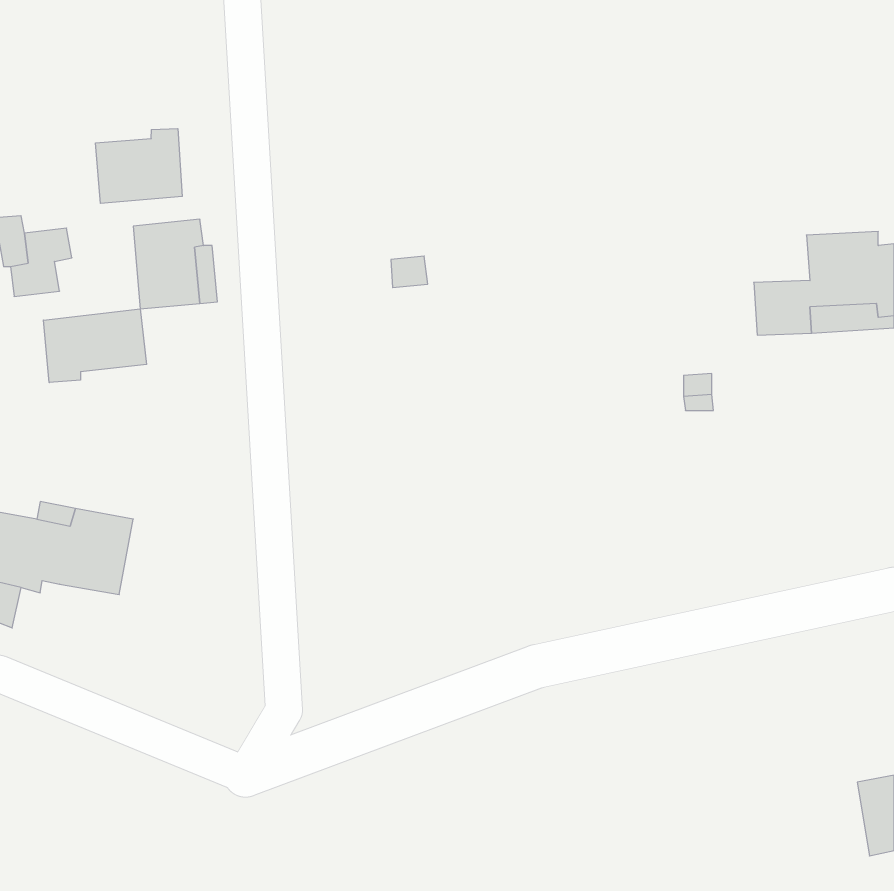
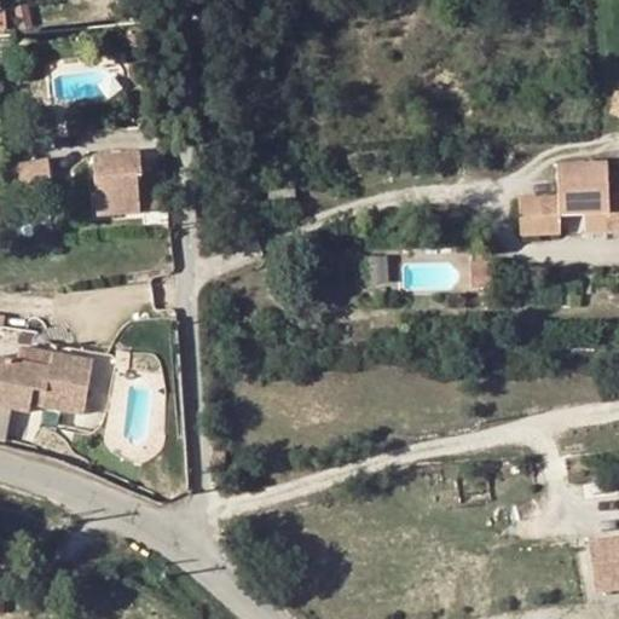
building: [96,129,182,203] -> none
building: [43,309,147,383] -> none

